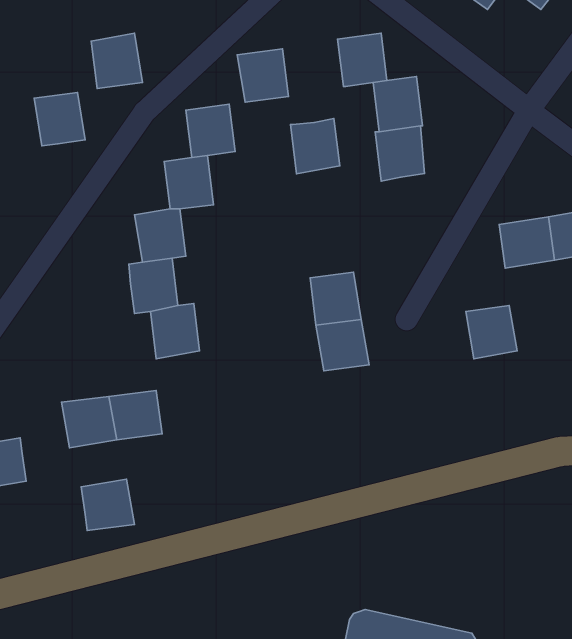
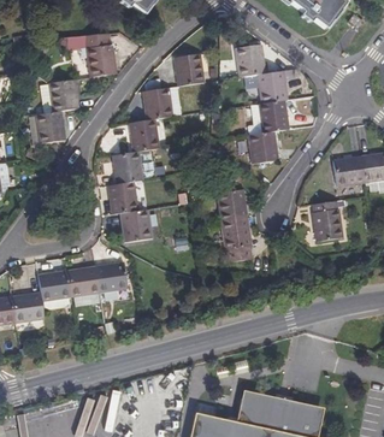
building: [291,118,340,174] -> [247,131,277,165]
building: none -> [37,111,67,143]
building: [81,479,134,530] -> [39,268,71,300]

